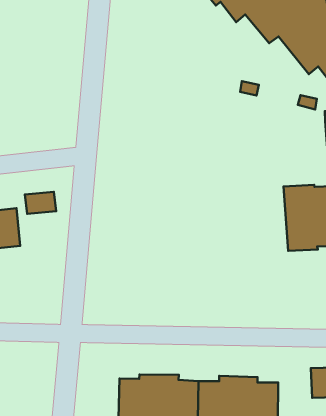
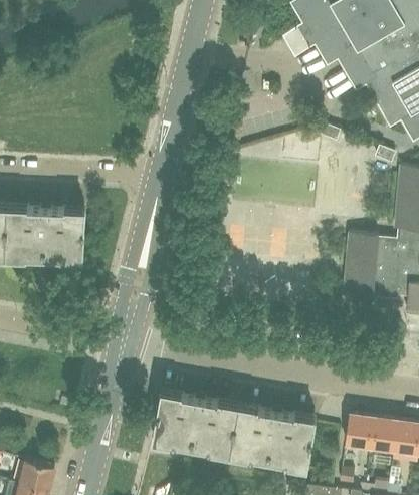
building: [25,192,56,214] -> none

